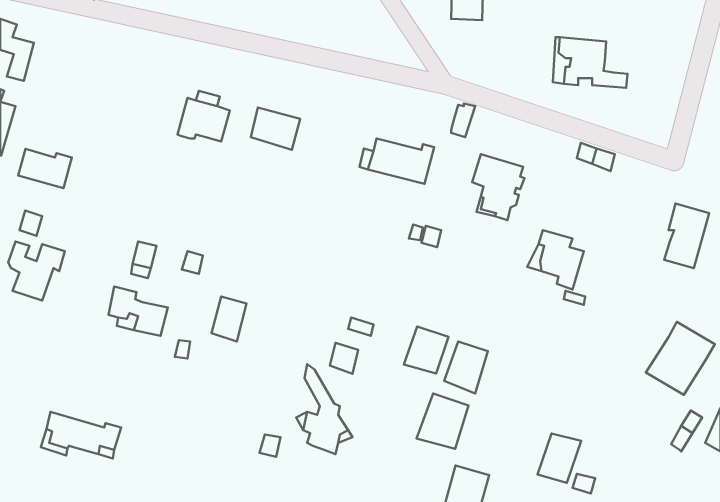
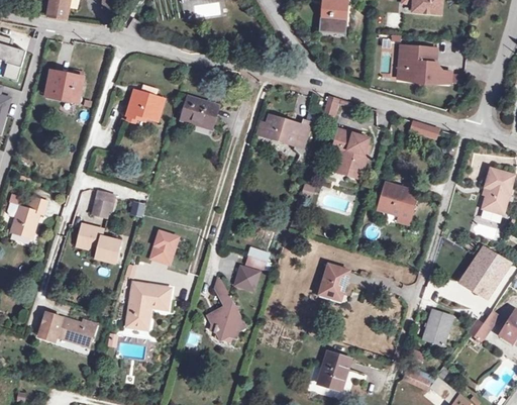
building: [18,149,72,188] -> [46,72,85,100]
building: [404,327,448,374] -> none
building: none -> [118,282,164,330]
building: [417,394,469,449] -> none
building: [537,434,581,483] -> [428,310,459,345]

